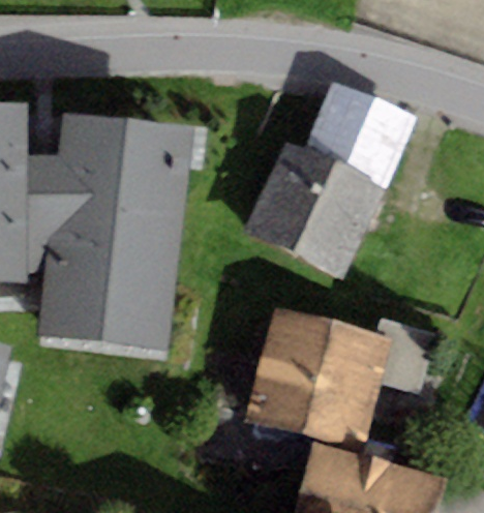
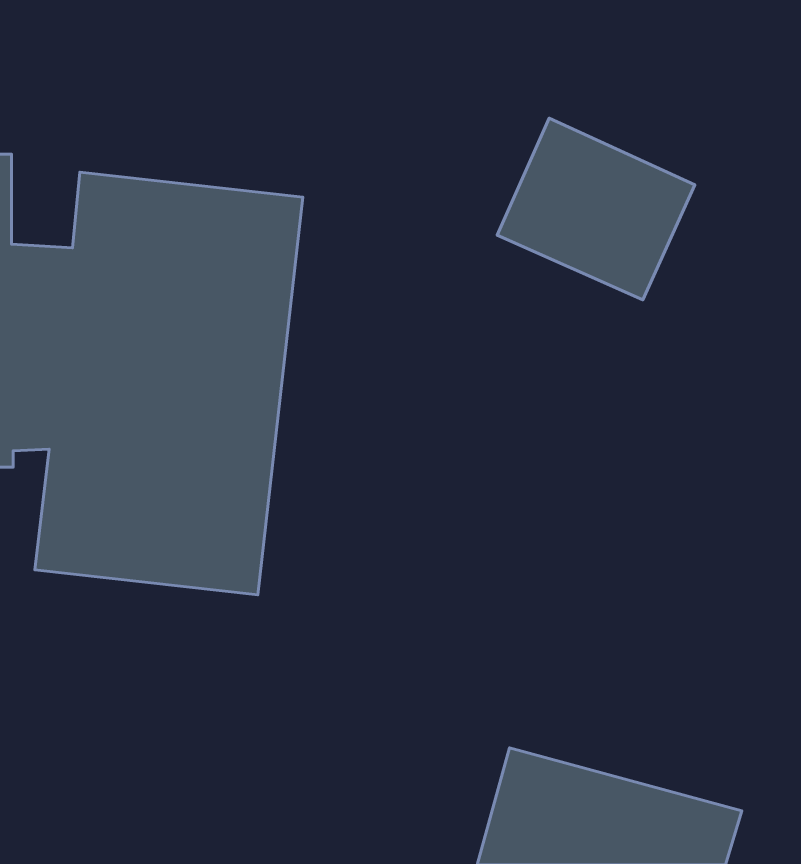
building: [242,138,389,279] -> none
building: [242,306,391,449] -> none

